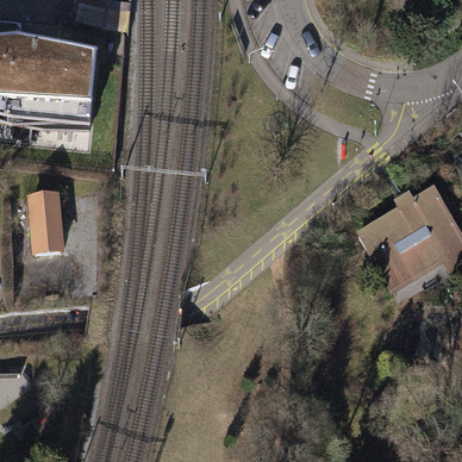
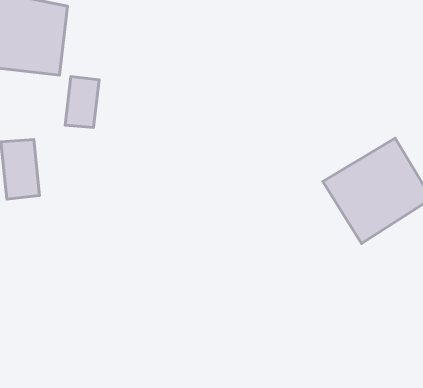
building: none -> [65,77,99,127]

